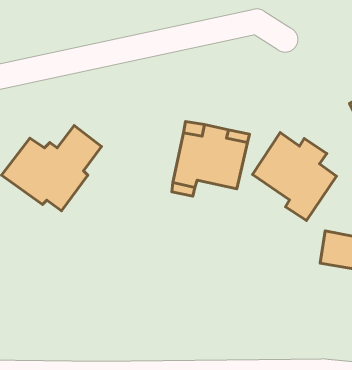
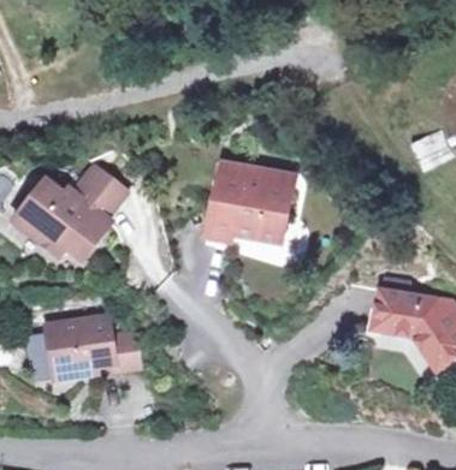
building: [252,133,337,220] -> none
building: none -> [43,316,137,380]

